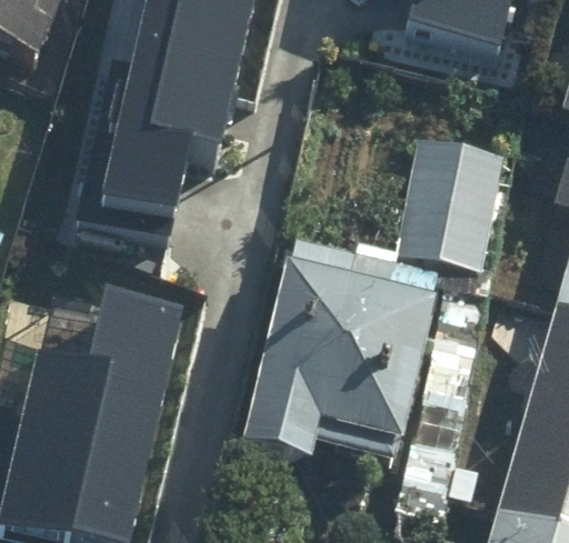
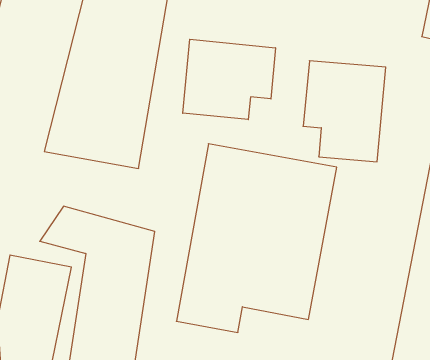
building: none -> [183,39,275,120]

